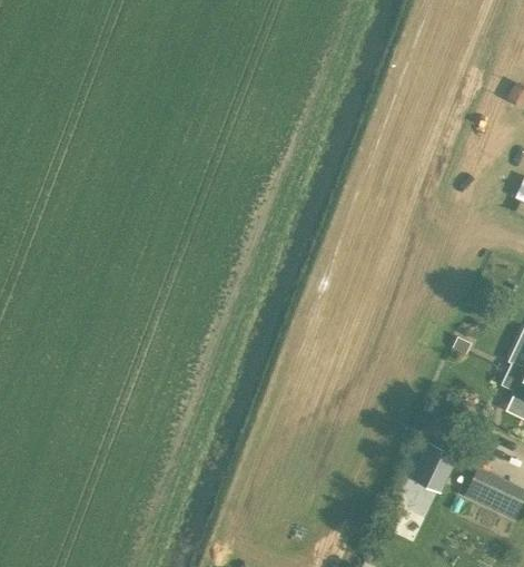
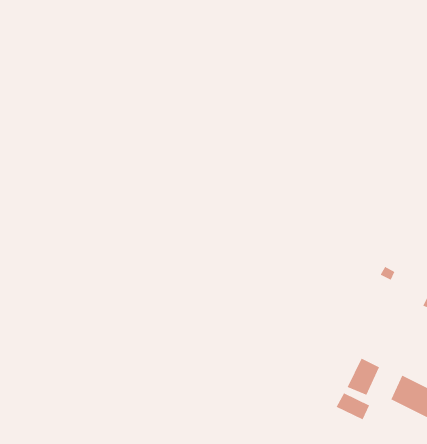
building: none -> [336,392,370,420]

